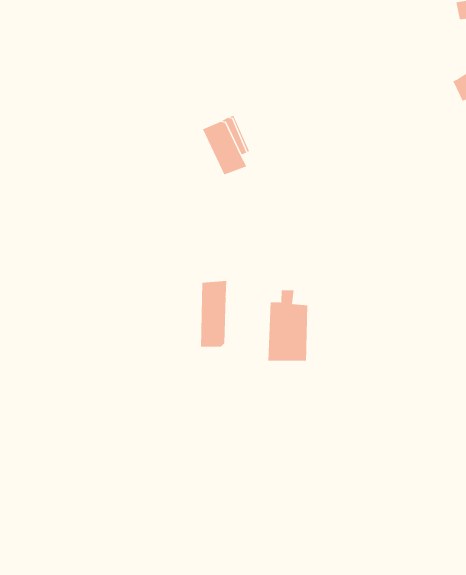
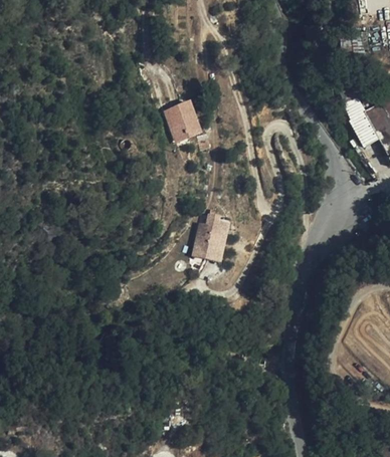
building: [200,280,227,348] -> none

